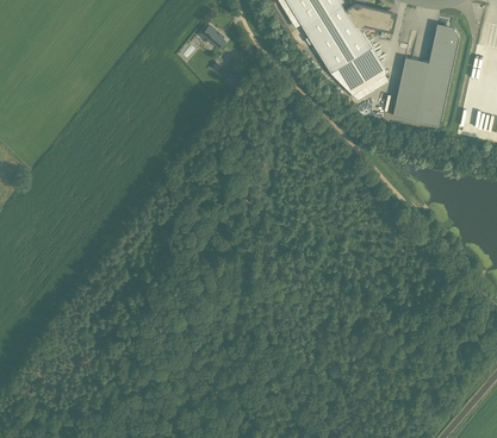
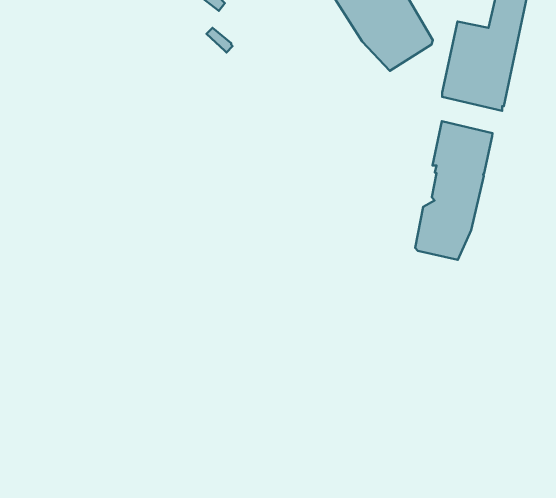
building: none -> [415,121,492,260]

